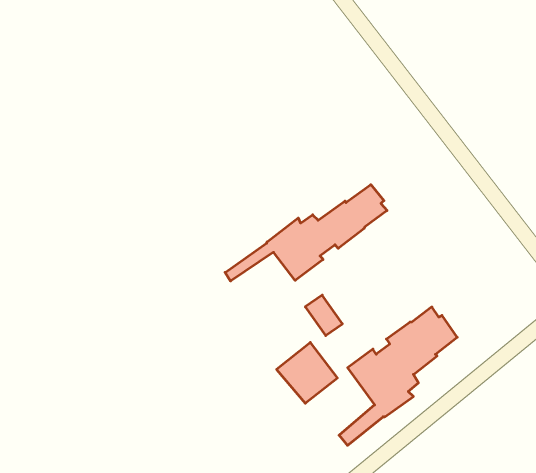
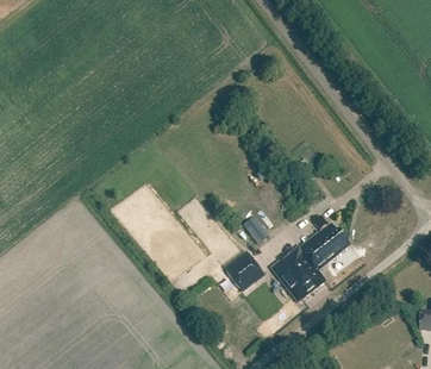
building: [225,185,387,281] -> none

